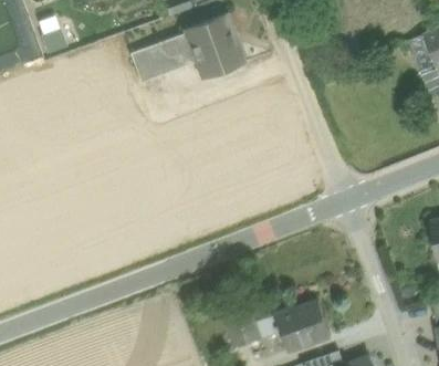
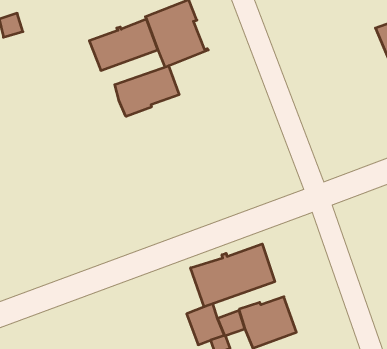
building: none -> [115,66,179,116]
building: none -> [191,244,275,307]

